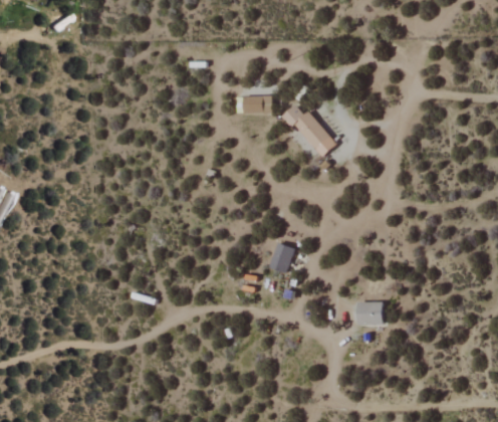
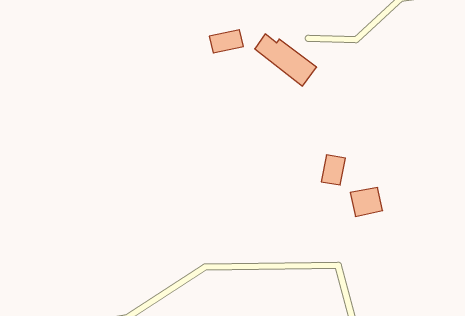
building: [268,242,294,272] -> [321,155,345,185]
building: [356,301,384,325] -> [350,188,383,216]

